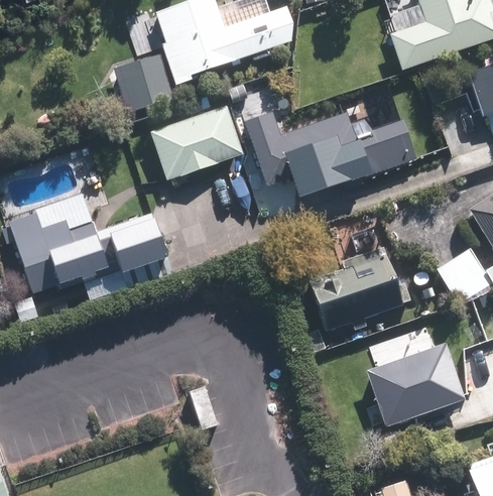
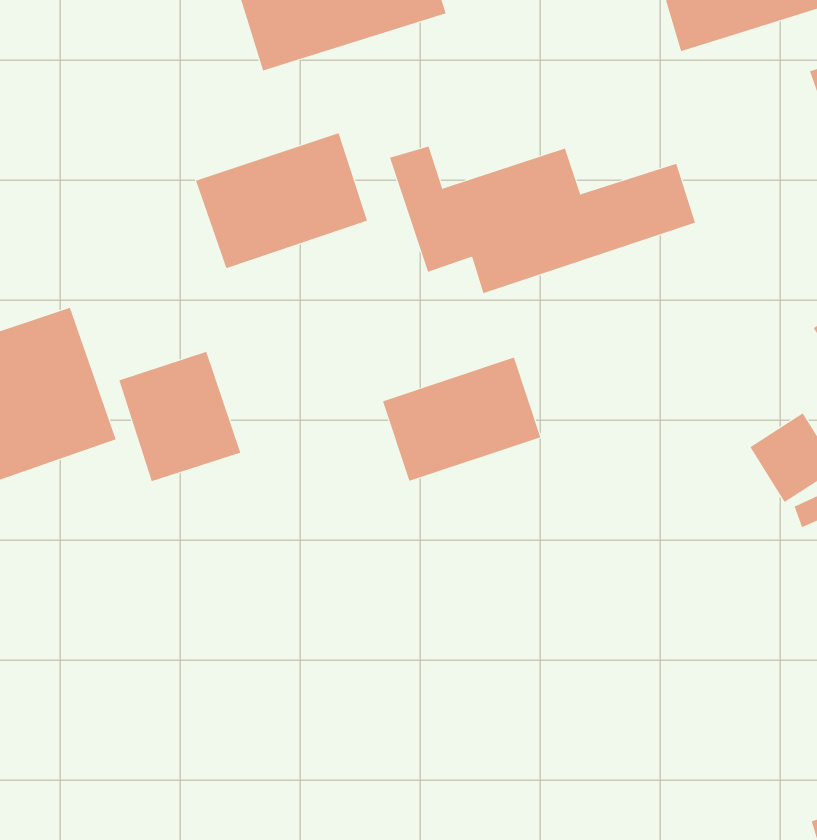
building: [117,52,174,110] -> none
building: [313,260,396,326] -> [382,357,541,482]
building: [367,338,465,421] -> none

